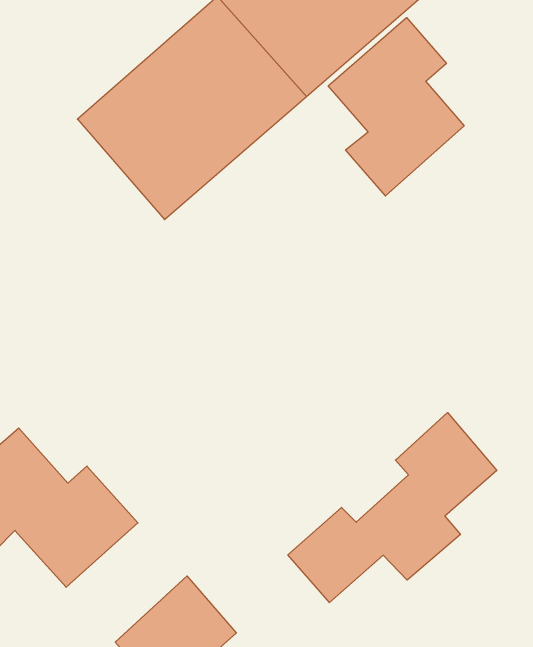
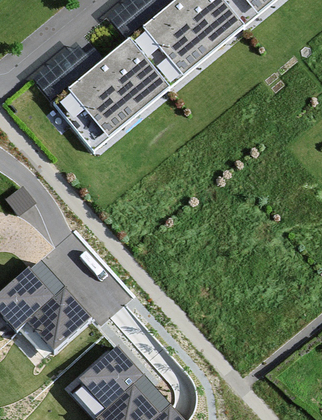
building: [328,18,464,196] -> none
building: [288,413,497,603] -> none

